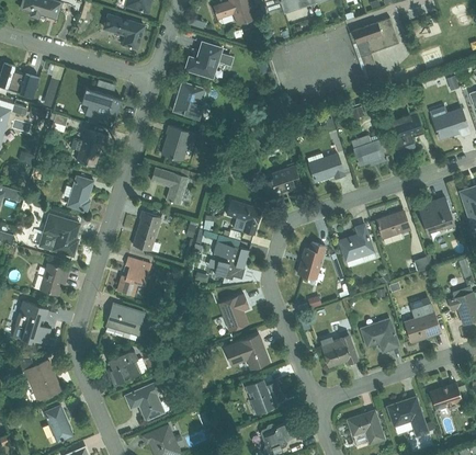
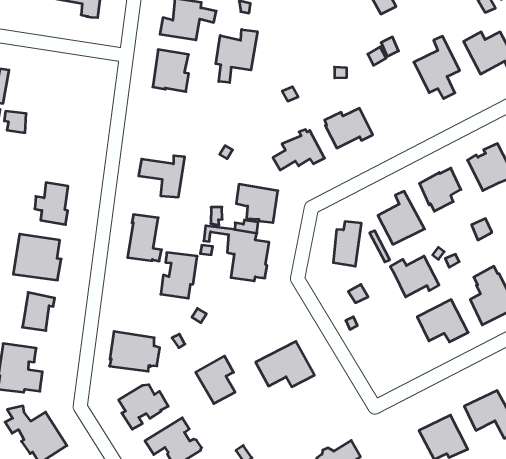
building: none -> [216,29,257,83]
building: [80,88,122,122] -> none
building: [161,125,195,161] -> none
building: [70,128,109,166] -> none
building: [351,135,387,167] -> none
building: [117,258,151,297] -> [161,253,197,298]
building: [218,294,249,331] -> [196,356,235,404]
building: [320,335,358,366] -> [390,256,439,297]
building: [246,378,284,414] -> none

